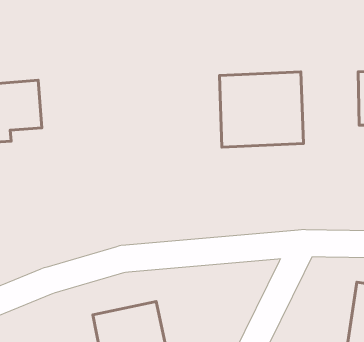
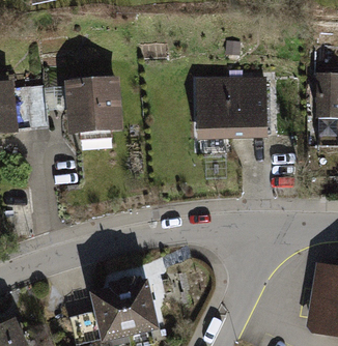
building: none -> [67,84,125,139]

